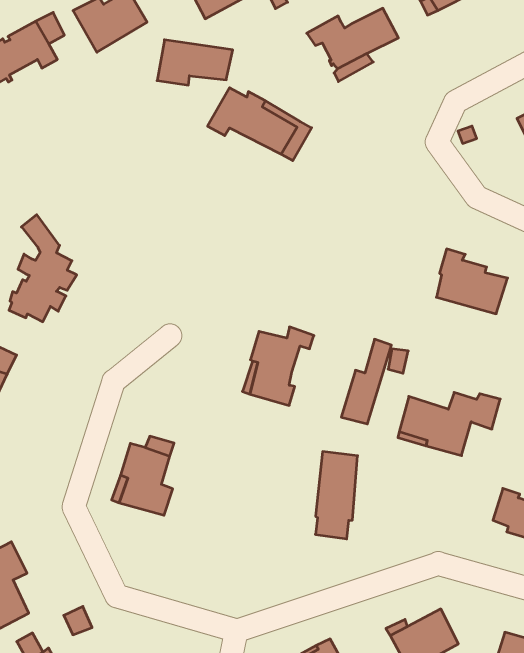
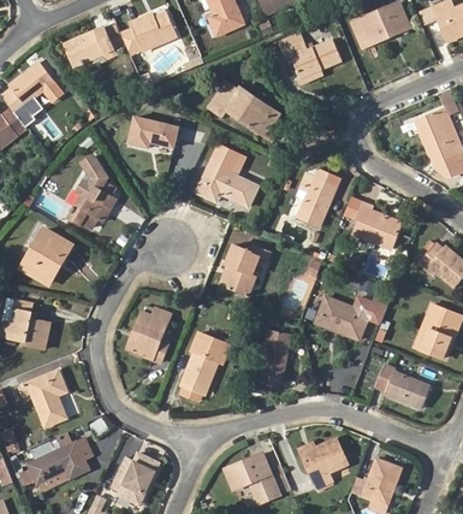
building: [157,40,233,85] -> [126,117,178,148]
building: none -> [195,143,256,206]
building: none -> [296,177,334,226]
building: none -> [180,333,228,394]

